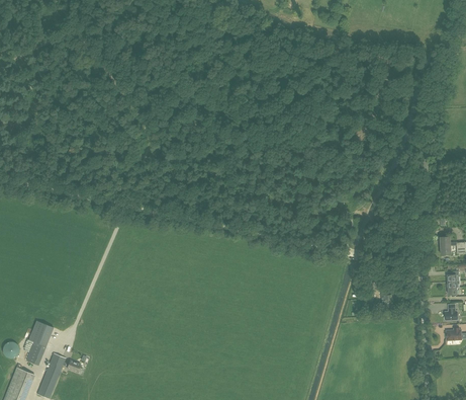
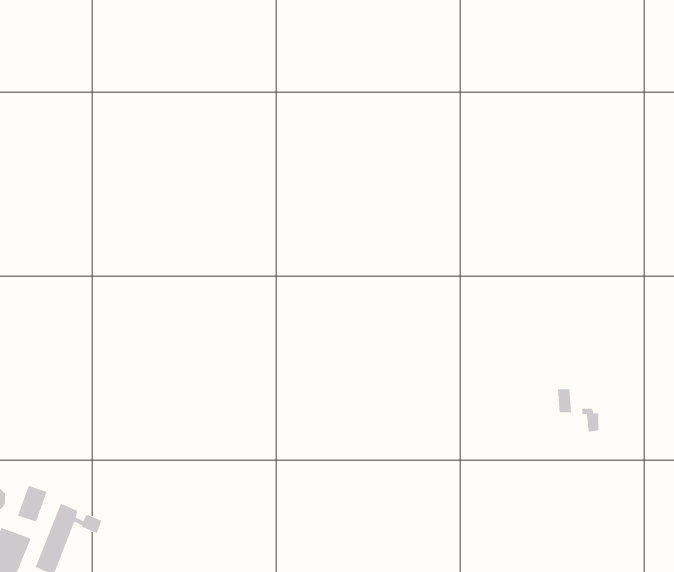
building: [27,319,53,344] -> none

